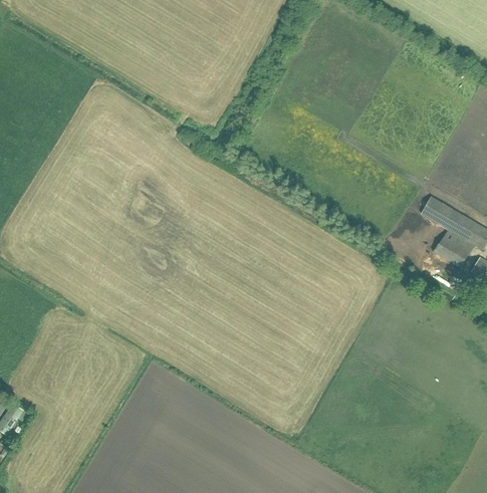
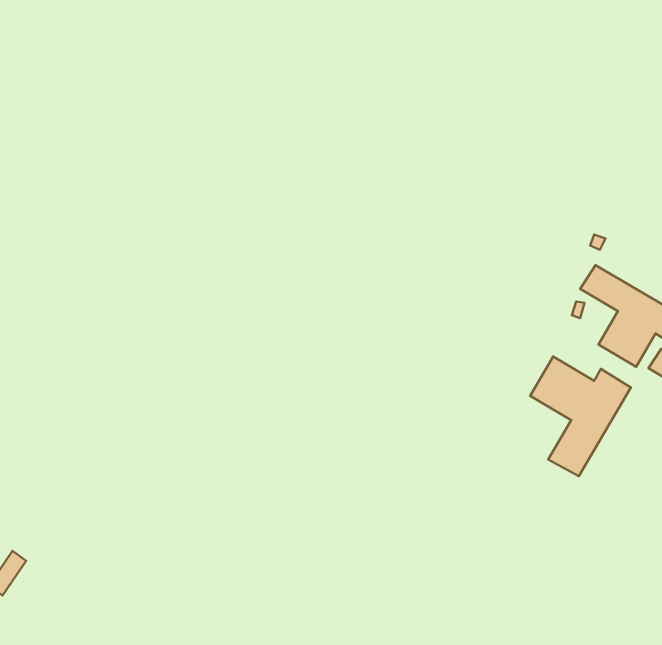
building: none -> [530,356,631,476]

